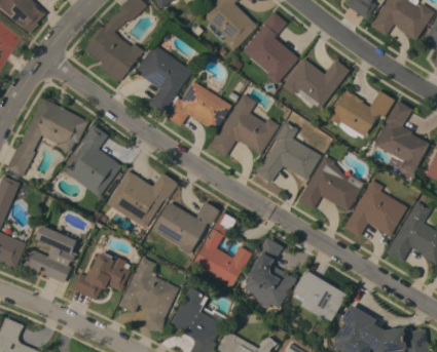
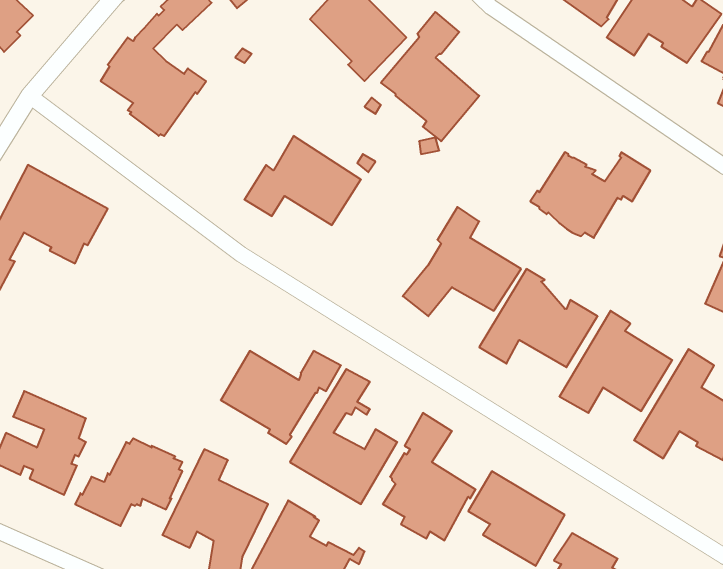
building: [135,44,192,114] -> none
building: [283,58,350,109] -> none
building: [210,93,279,157] -> none
building: [375,101,429,174] -> none
building: [64,125,122,197] -> none
building: [107,170,178,228] -> none

